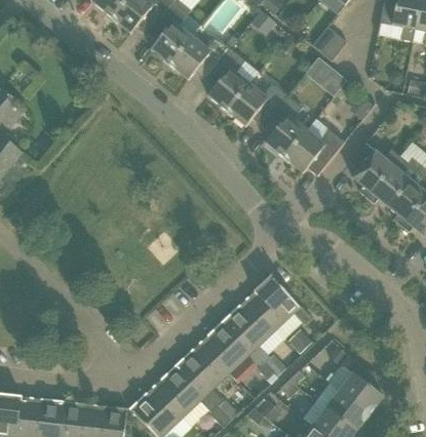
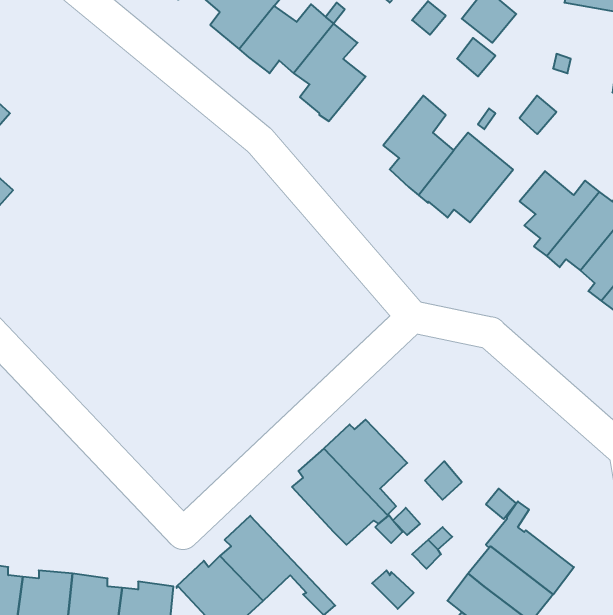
building: [227,82,287,126] -> none
building: [250,274,310,329] -> none
building: [177,345,238,421] -> none

